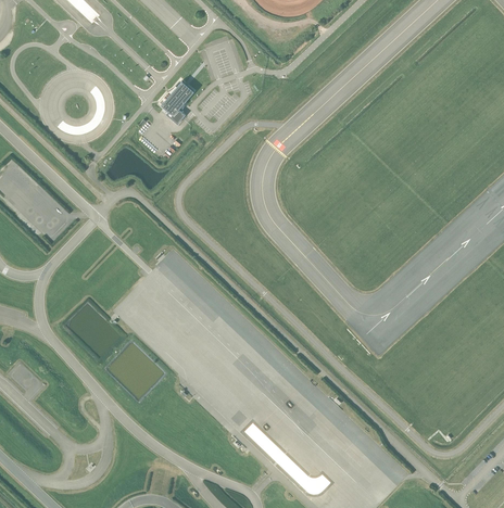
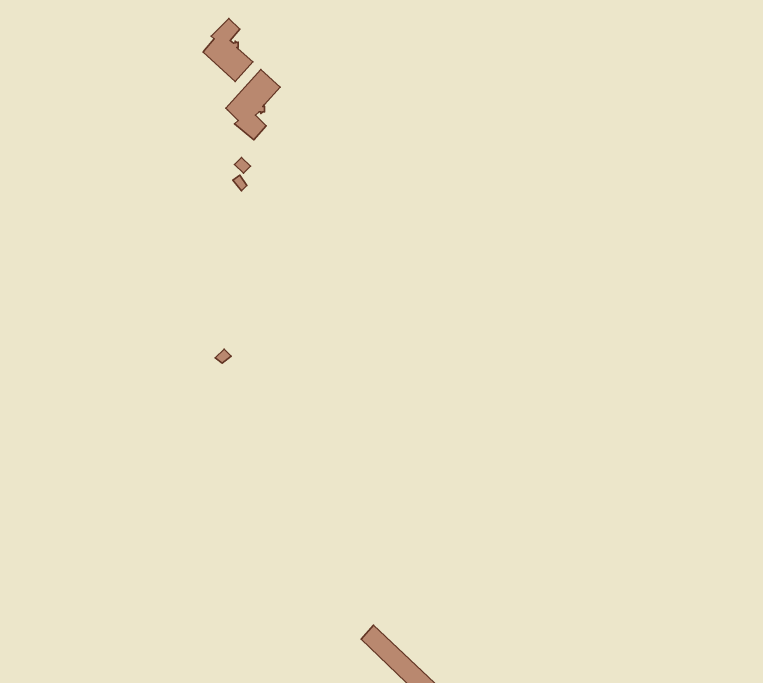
building: none -> [203,18,253,81]

